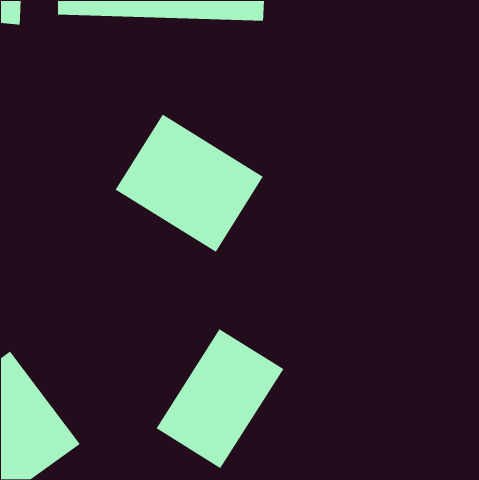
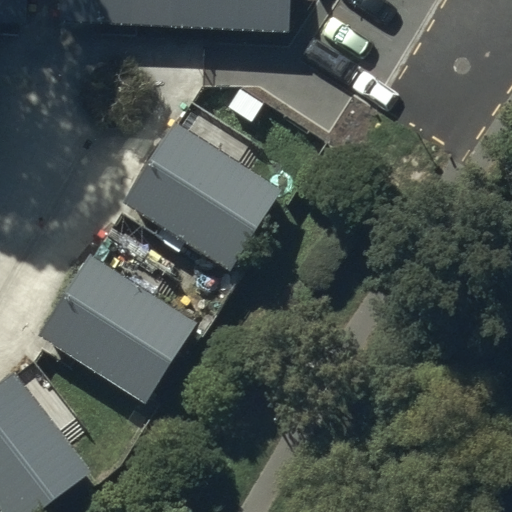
building: none -> [37,257,194,404]
building: [155,328,284,469] -> none

